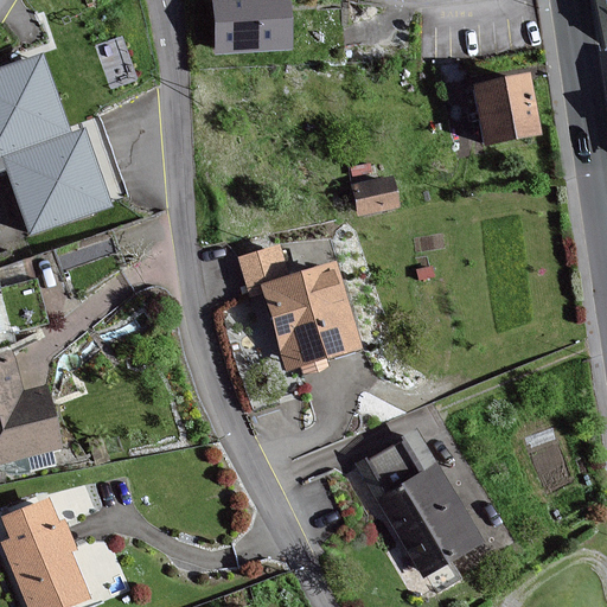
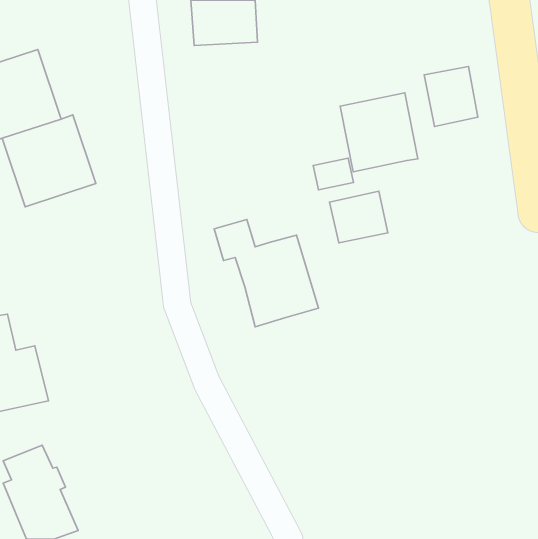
building: none -> [340,93,418,172]
building: none -> [329,191,388,243]
building: [359,432,479,575] -> none

